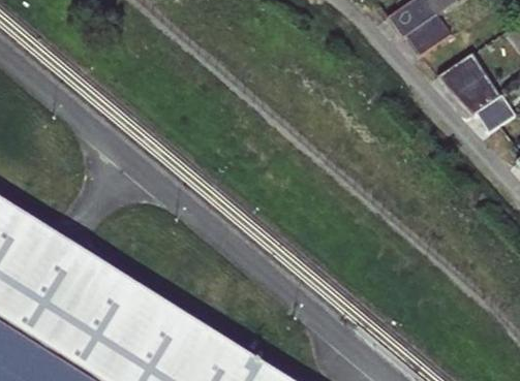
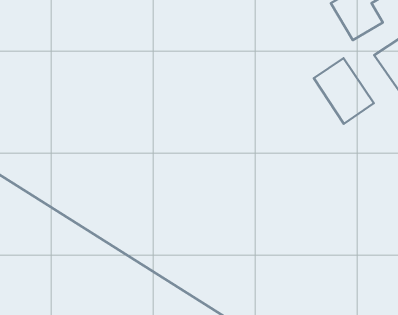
building: none -> [314,58,374,124]

